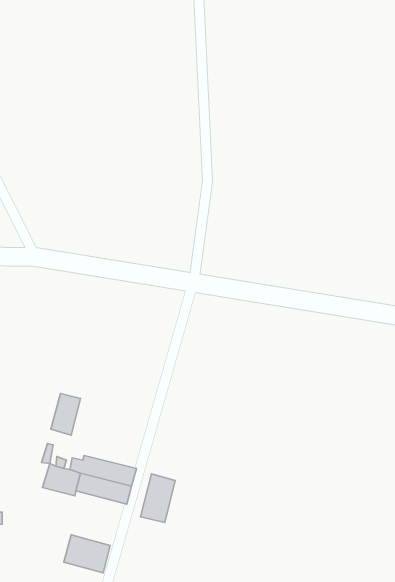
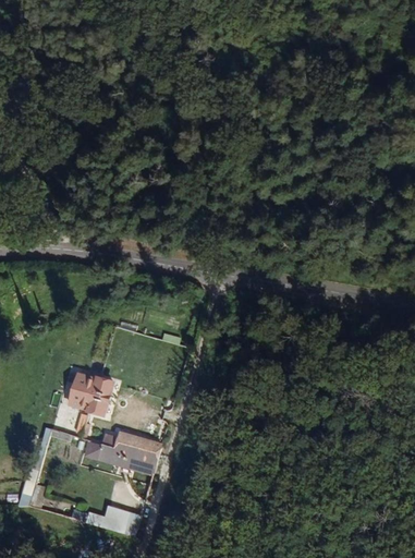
building: none -> [69,369,94,407]
building: [140,474,175,522] -> none

